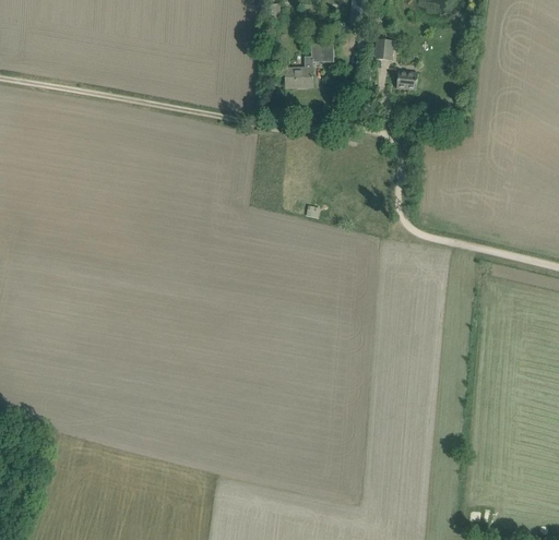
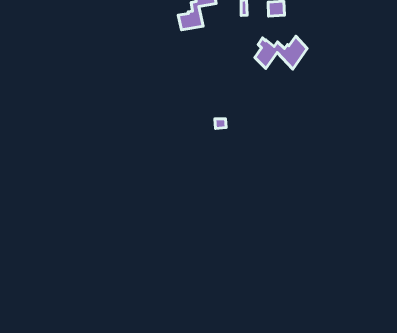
building: none -> [255,36,307,69]

